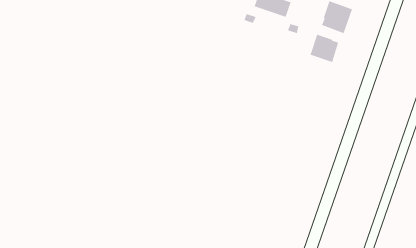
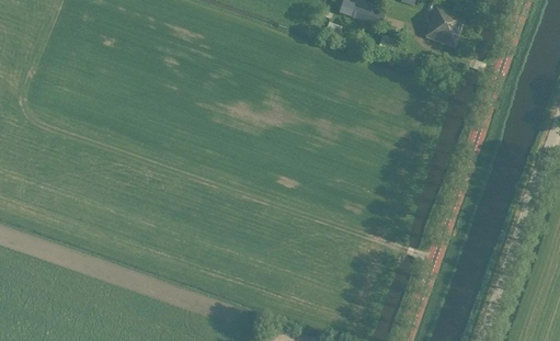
building: [310,34,339,63] -> none

